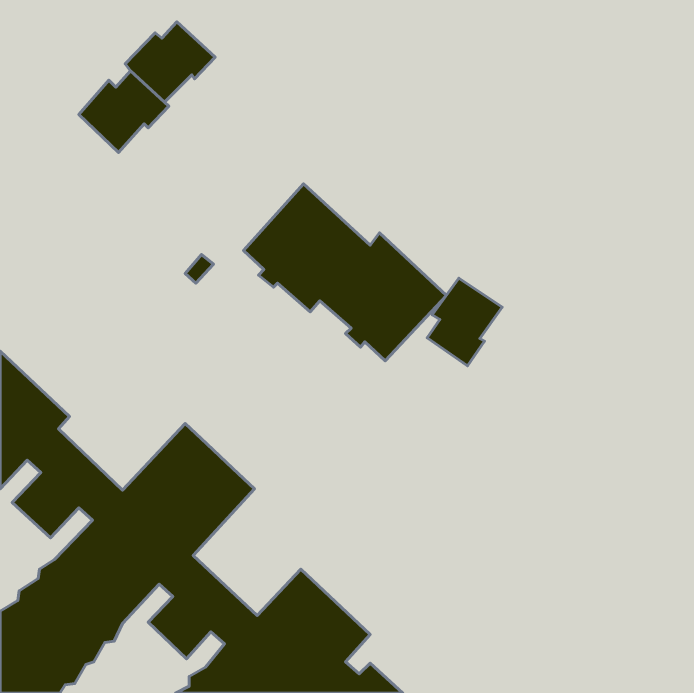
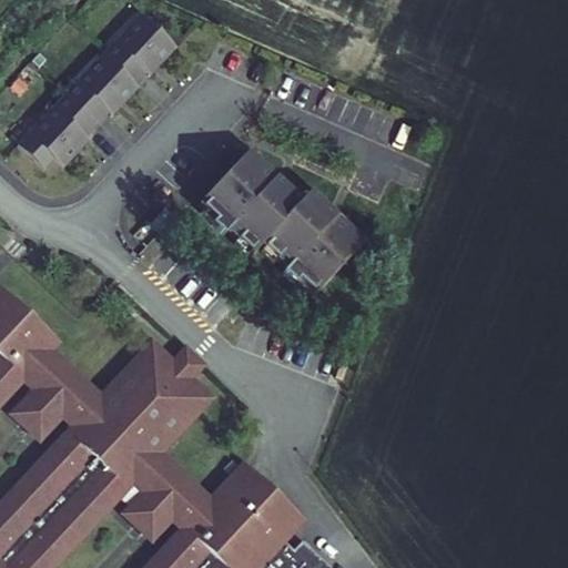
building: none -> [17,93,98,169]
building: [427,278,502,366] -> none

